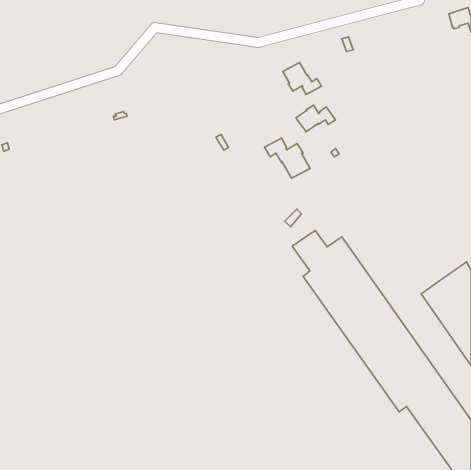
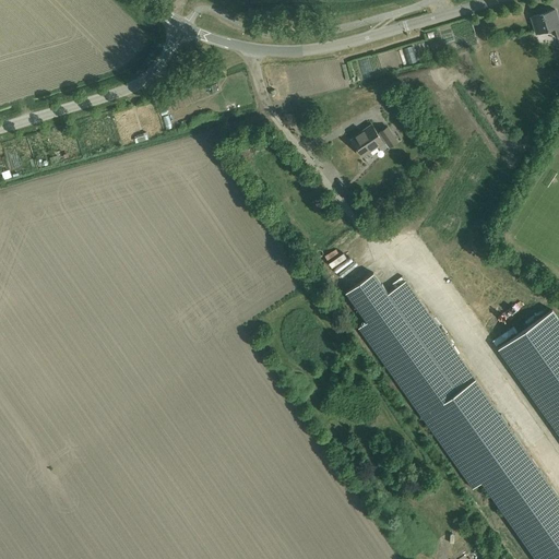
building: [283,62,322,95] -> none
building: [264,138,310,178] -> none

